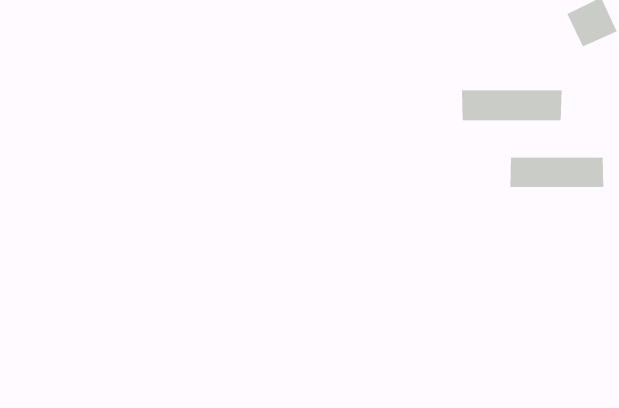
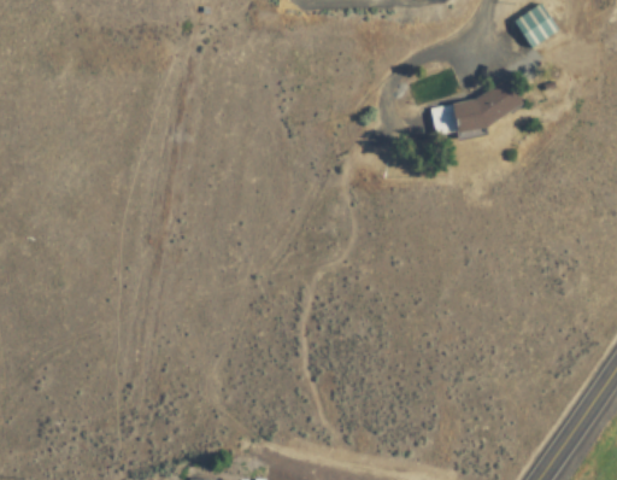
building: [510,157,604,188] -> none

